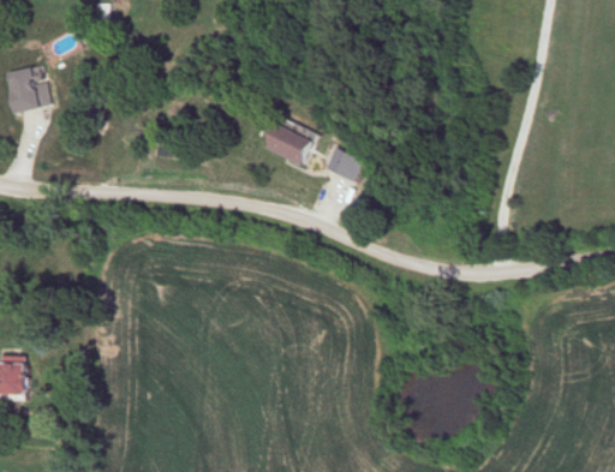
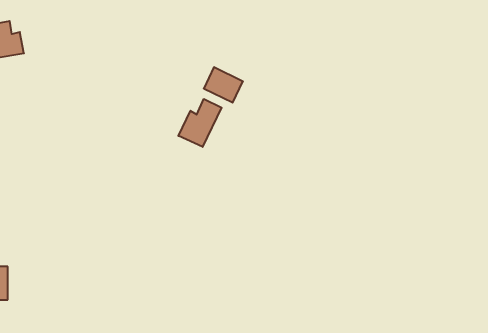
building: [326,145,363,180] -> none
building: none -> [178,99,222,147]

